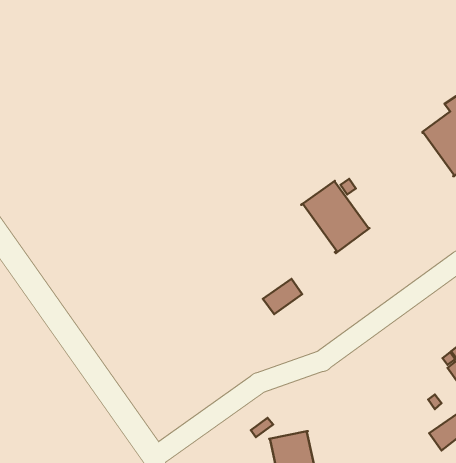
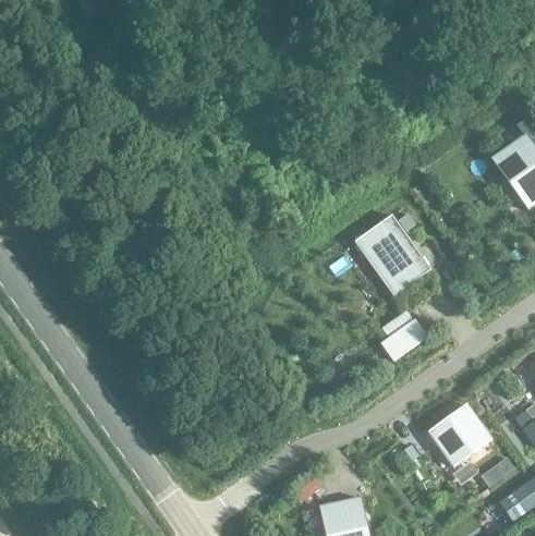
building: [263,279,302,314] -> [379,321,424,362]
building: none -> [428,403,491,466]

